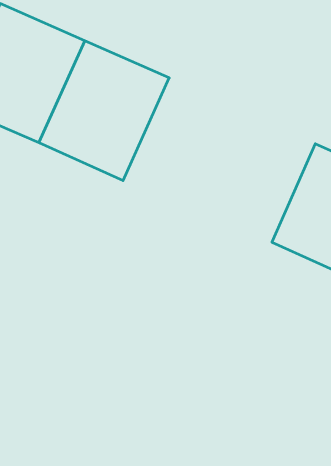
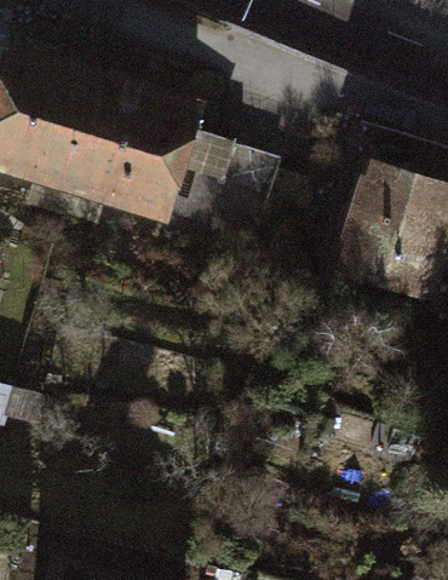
building: none -> [186,153,276,249]

